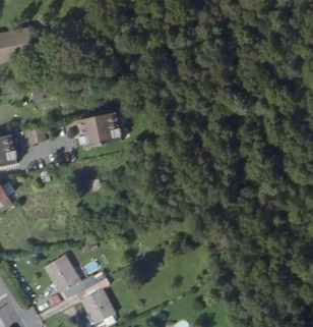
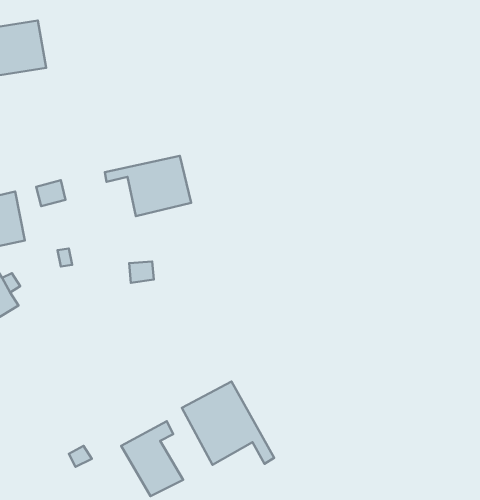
building: none -> [182,382,274,465]
building: [47,255,82,299] -> none

